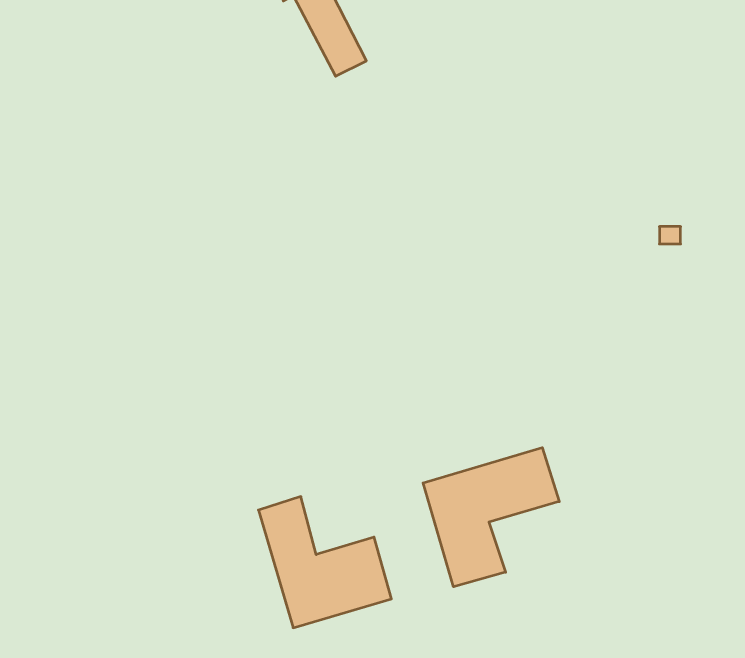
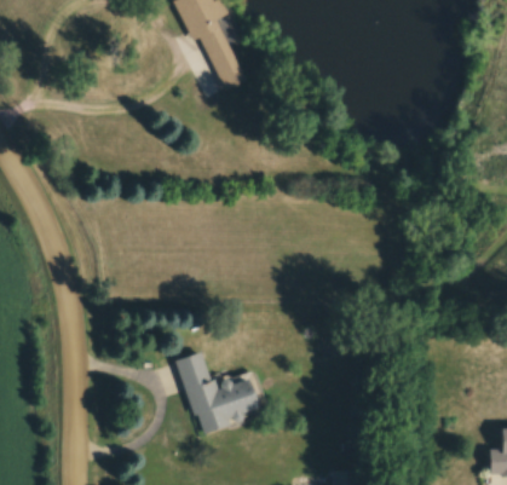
building: [423,448,559,587] -> none

